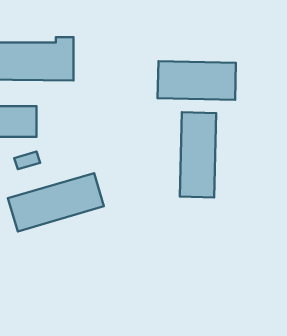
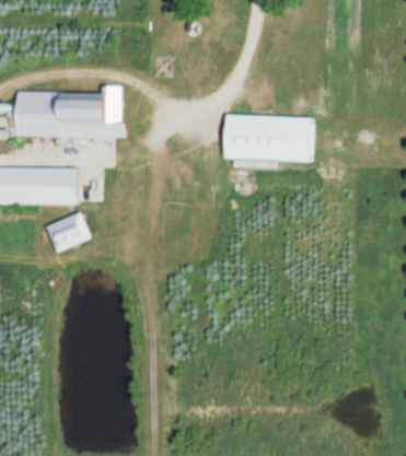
building: [180,112,216,197] -> none
building: [8,173,104,231] -> none

